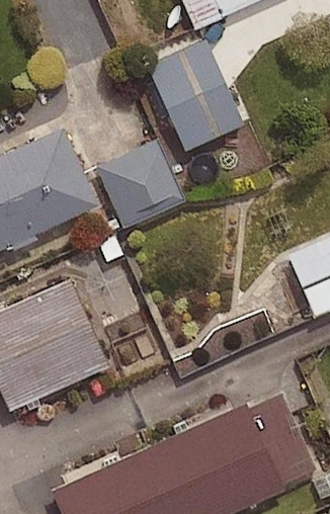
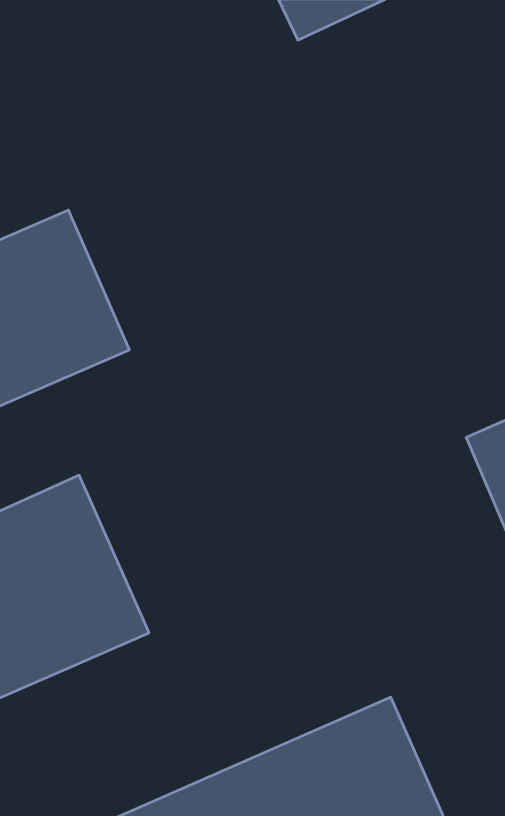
building: [149,42,242,149] -> none
building: [99,144,184,232] -> none

